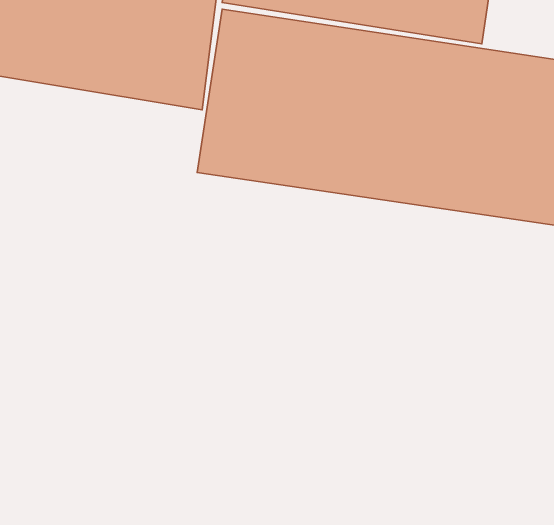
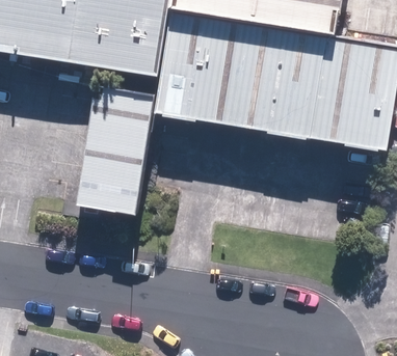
building: none -> [77,87,155,213]

